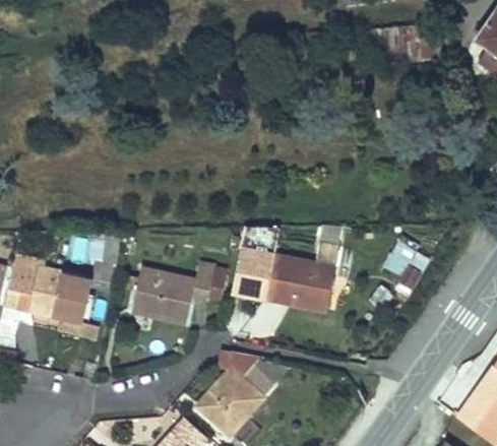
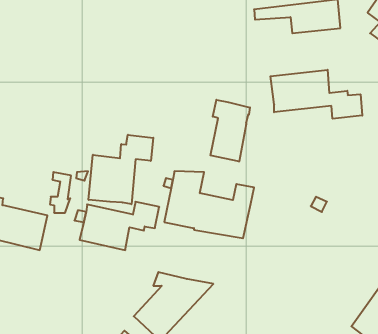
building: none -> [270,70,362,119]
building: none -> [210,100,250,162]
building: none -> [89,135,153,204]

